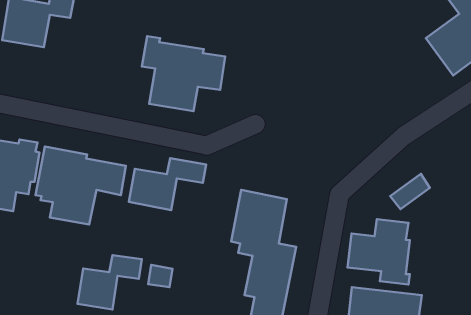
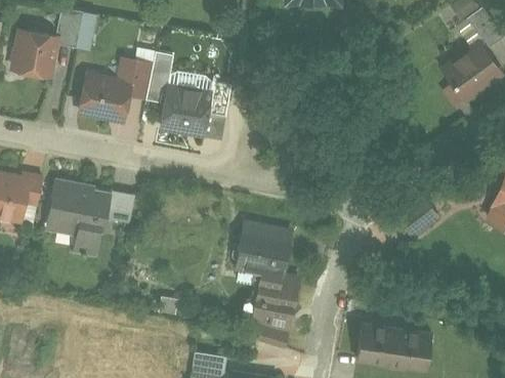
building: none -> [74,47,157,124]
building: [129,158,206,210] -> none
building: [348,219,410,284] -> none
building: [78,255,142,310] -> none

